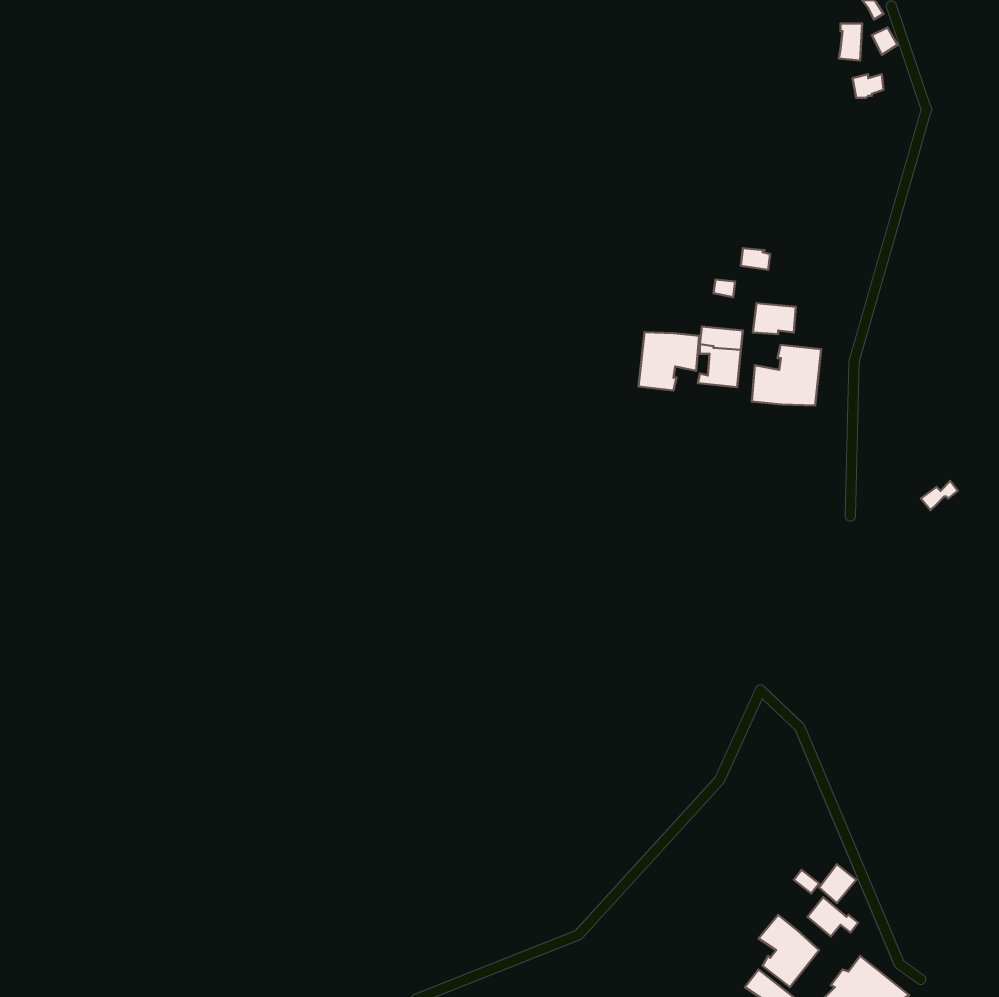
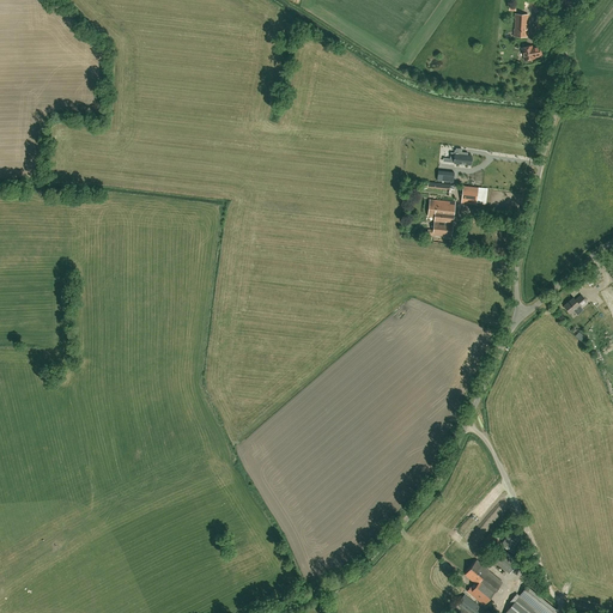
building: [639,332,699,390] -> none
building: [752,345,821,406] -> none

